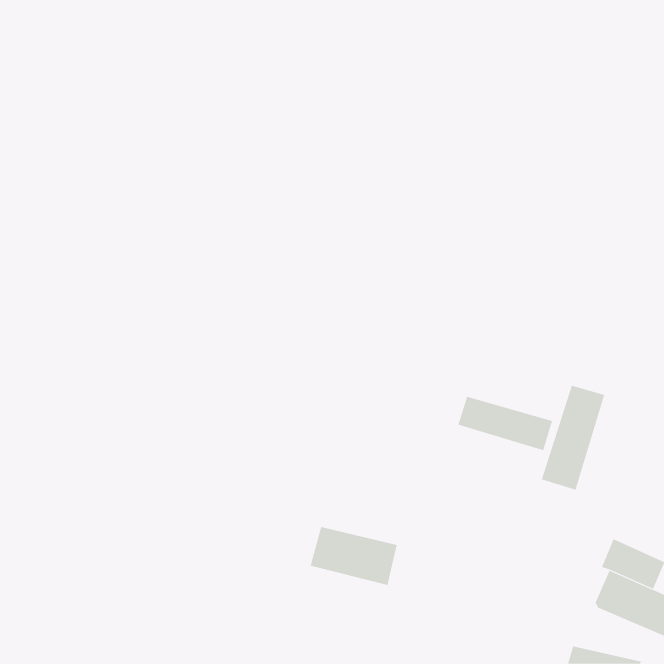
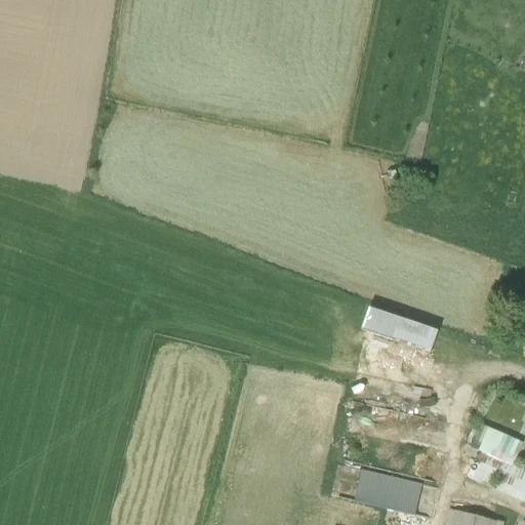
building: [541,385,605,490] -> none
building: [310,527,397,585] -> [356,468,425,514]

